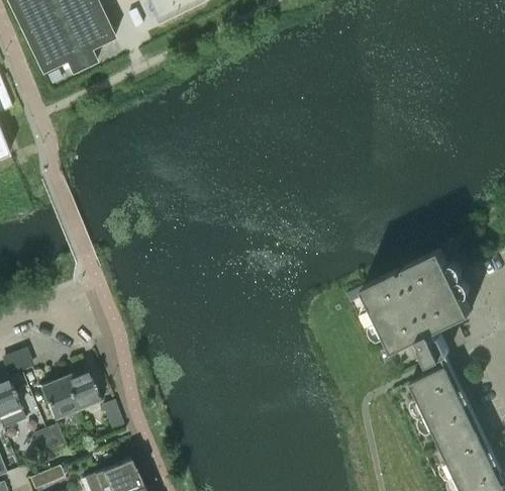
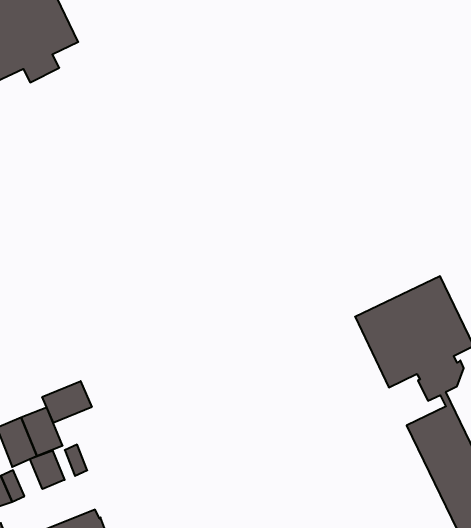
building: none -> [42,381,92,423]
building: none -> [30,450,65,489]

